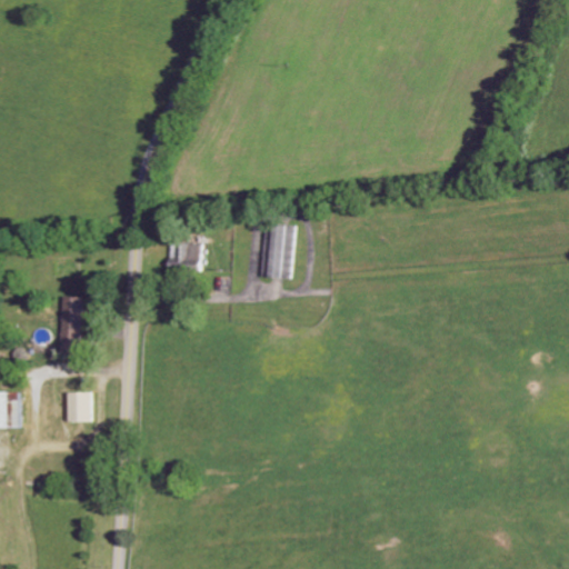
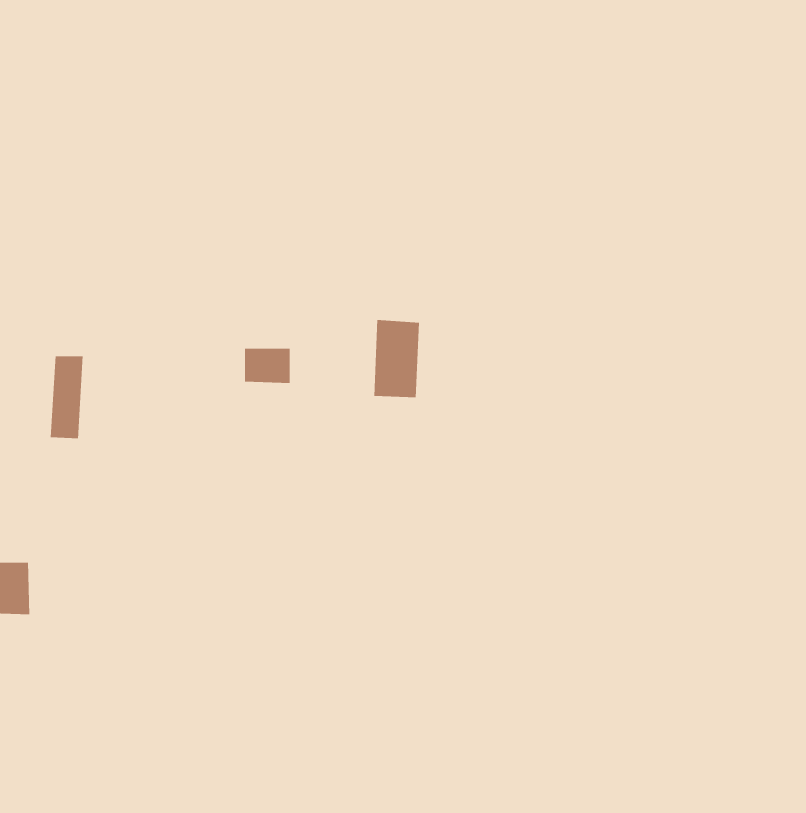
building: [59,296,82,353] -> [50,356,84,439]
building: [67,391,90,421] -> none

